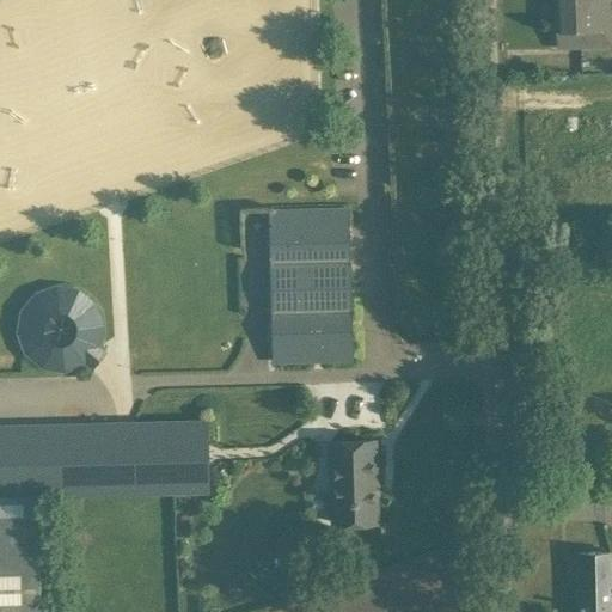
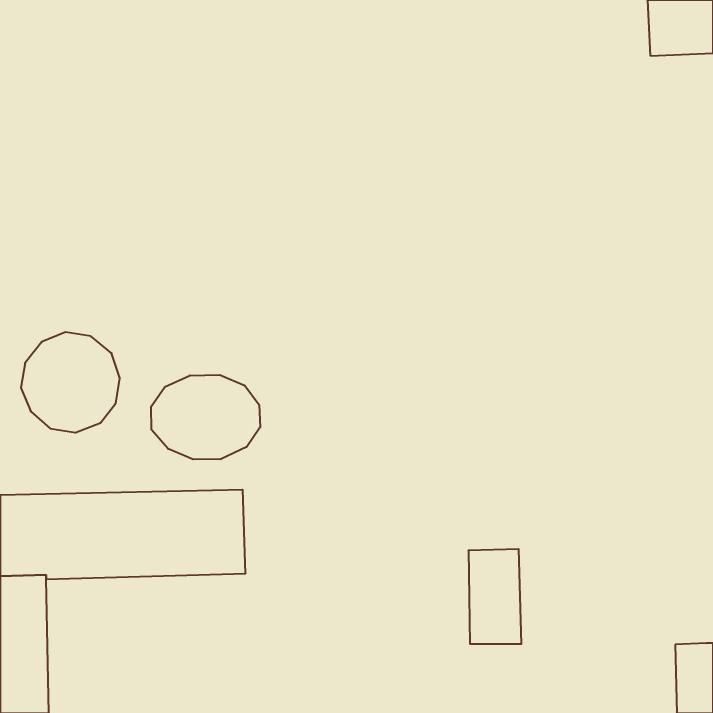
building: [270,208,350,363] -> none
building: none -> [151,375,260,459]
building: [332,440,378,521] -> [468,549,521,644]

